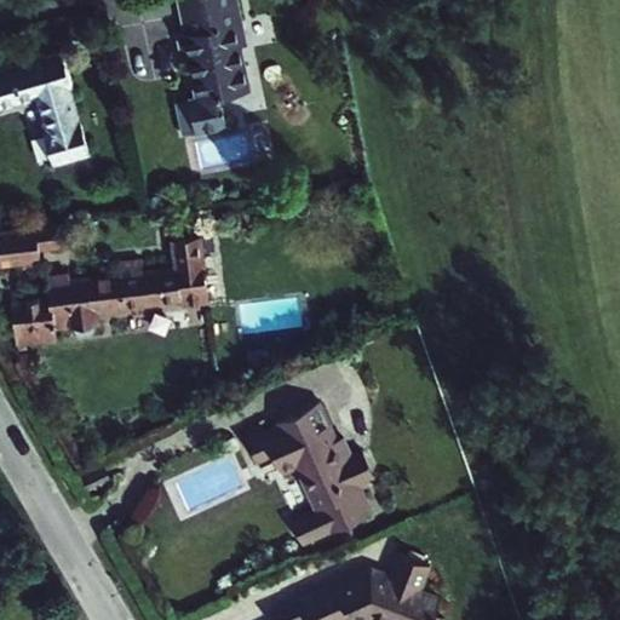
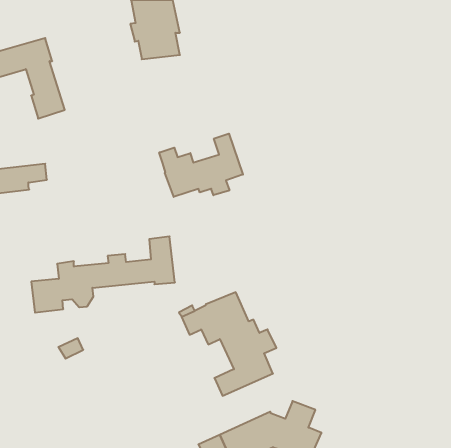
building: [176,81,249,139] -> none
building: none -> [159,134,243,197]
building: [12,245,208,349] -> [31,236,175,313]

